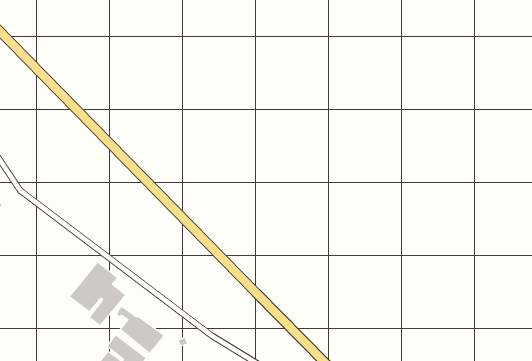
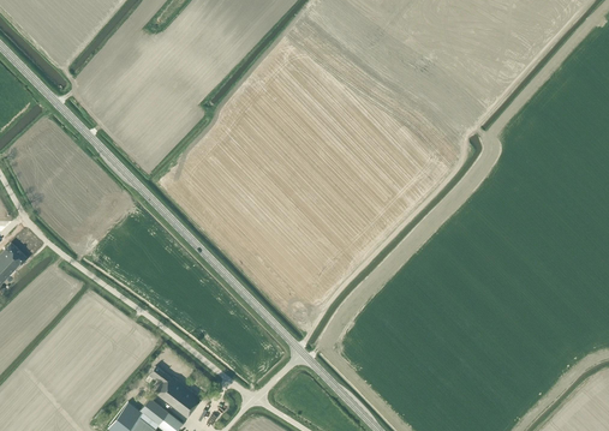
building: [69,262,126,326] -> none

